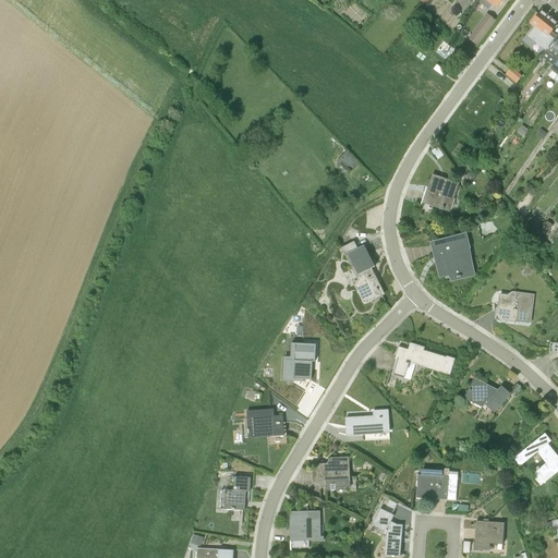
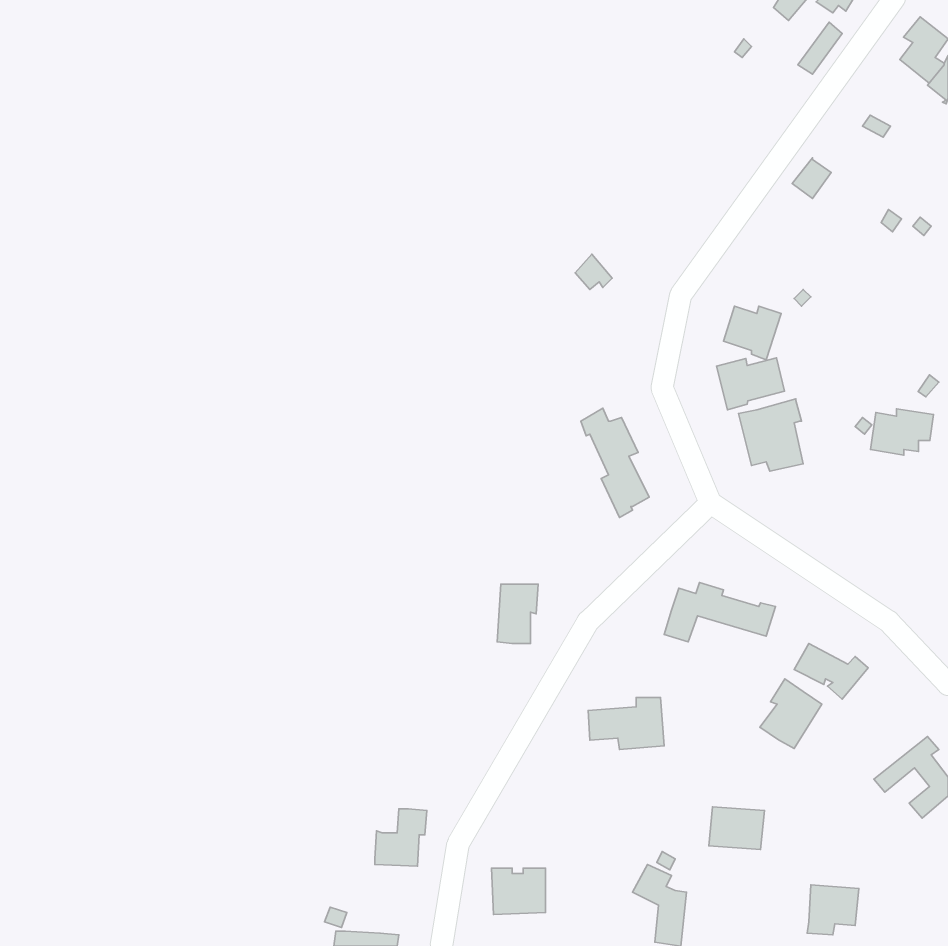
building: none -> [717,358,785,410]
building: [497,291,534,318] -> [870,409,933,455]
building: none -> [760,679,822,749]
building: [246,408,284,437] -> none
building: [312,457,350,490] -> none

